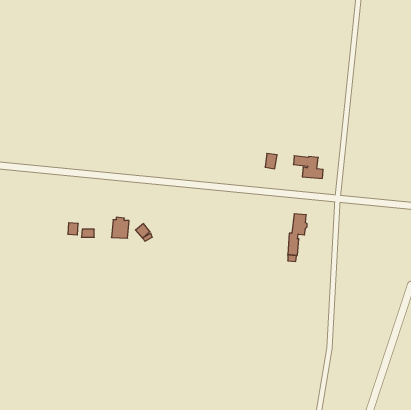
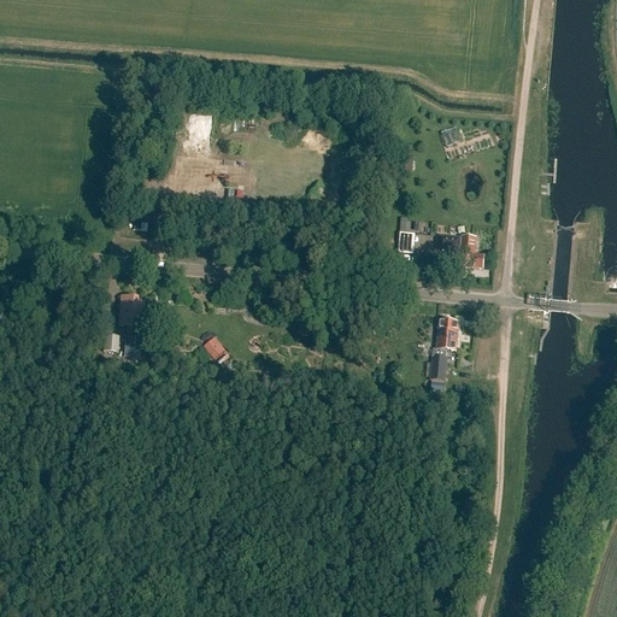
building: [111,217,129,238] -> [117,294,143,325]

